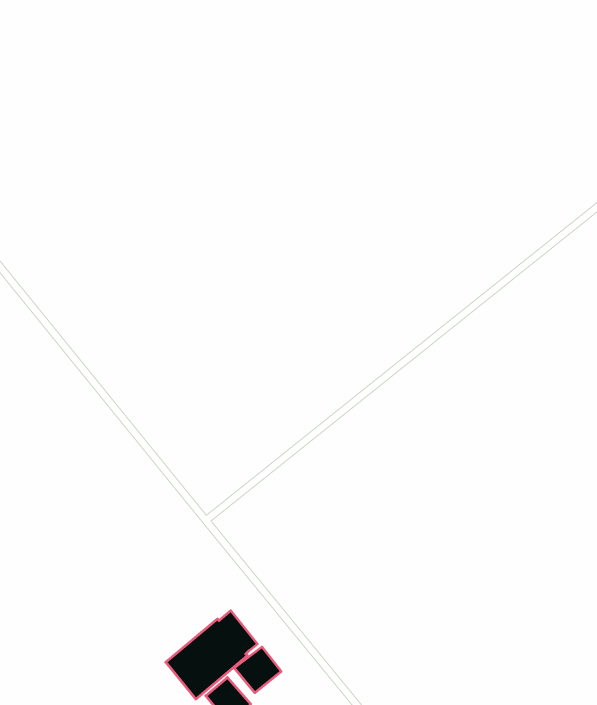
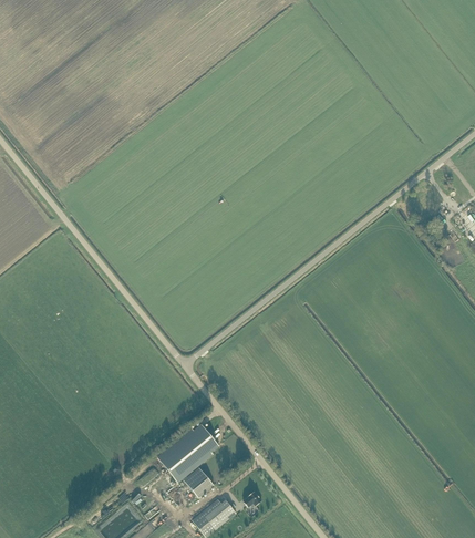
building: [234,647,281,693] -> none

